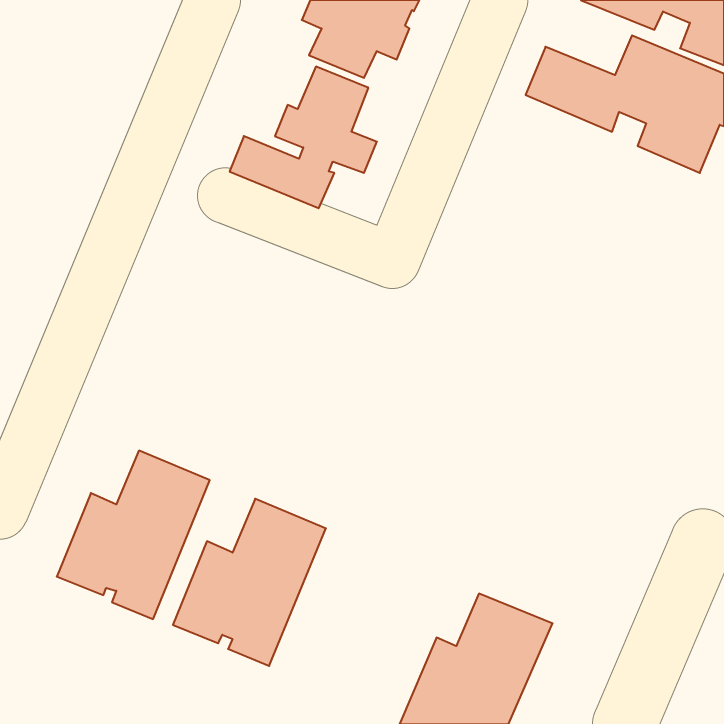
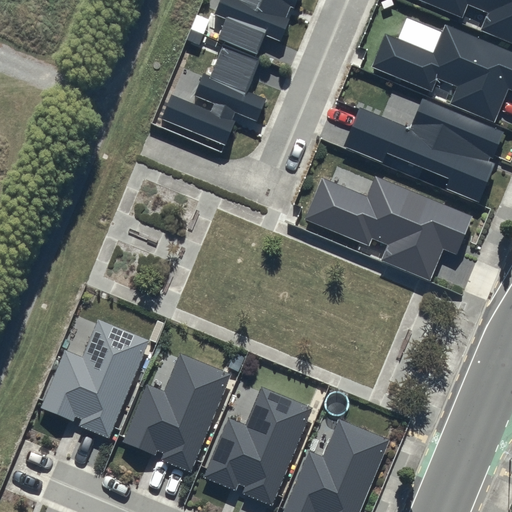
building: none -> [343,99,505,203]
building: none -> [305,176,471,281]
building: none -> [203,386,312,504]

